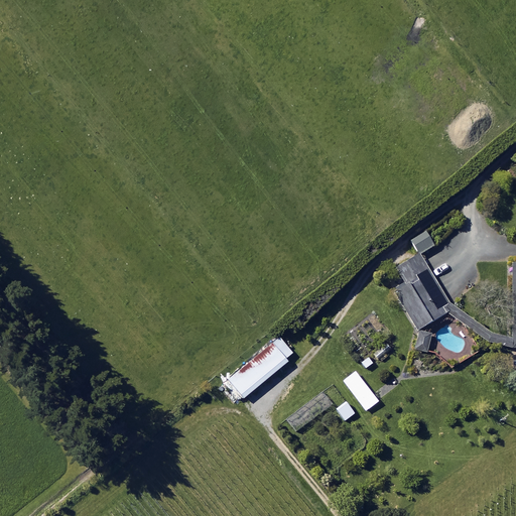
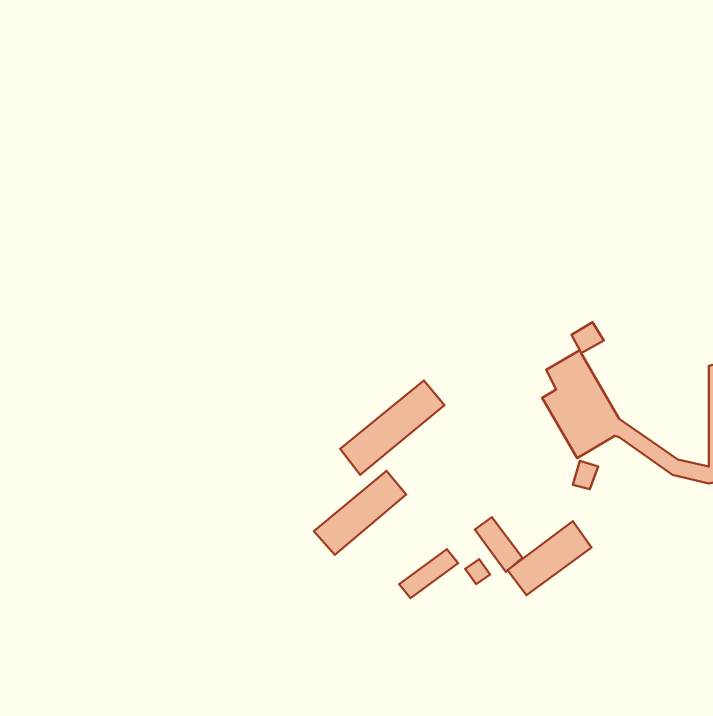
building: none -> [340,381,444,475]
building: none -> [508,521,591,595]

